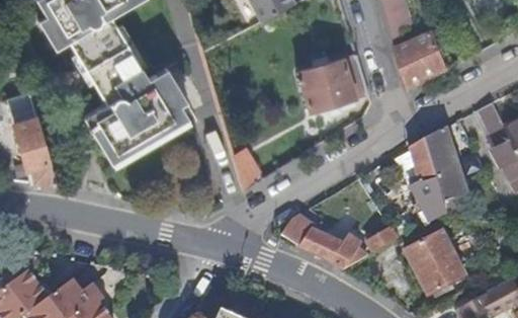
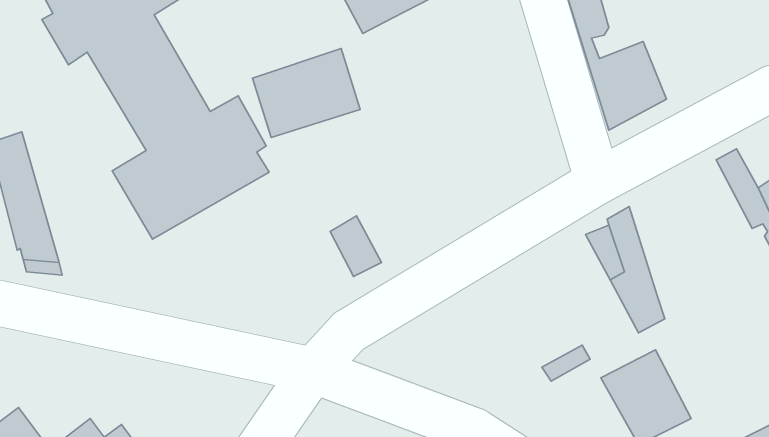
building: [297,54,367,111] -> [253,49,360,137]
building: [423,127,460,196] -> none
building: [281,215,366,268] -> none

